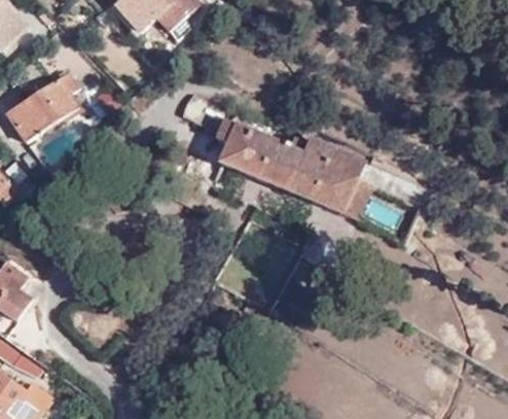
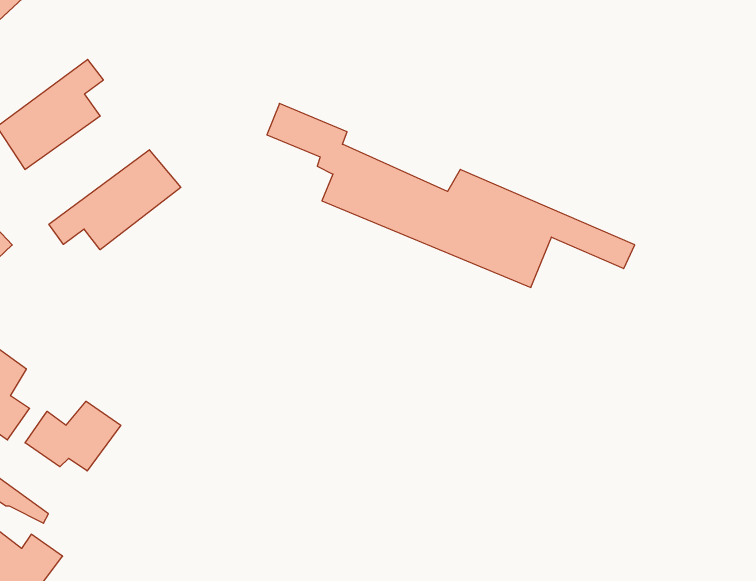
building: none -> [49,150,181,250]
building: none -> [25,401,121,471]

